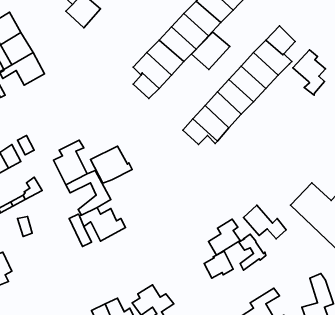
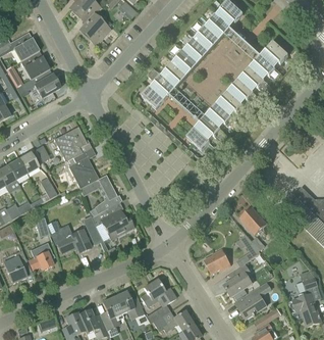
building: [191,32,230,70] -> none
building: [293,50,326,95] -> none
building: [90,146,132,183] -> [54,126,92,159]
building: [209,219,240,255] -> [224,263,253,296]
building: none -> [51,224,91,252]
building: none -> [28,241,55,270]

